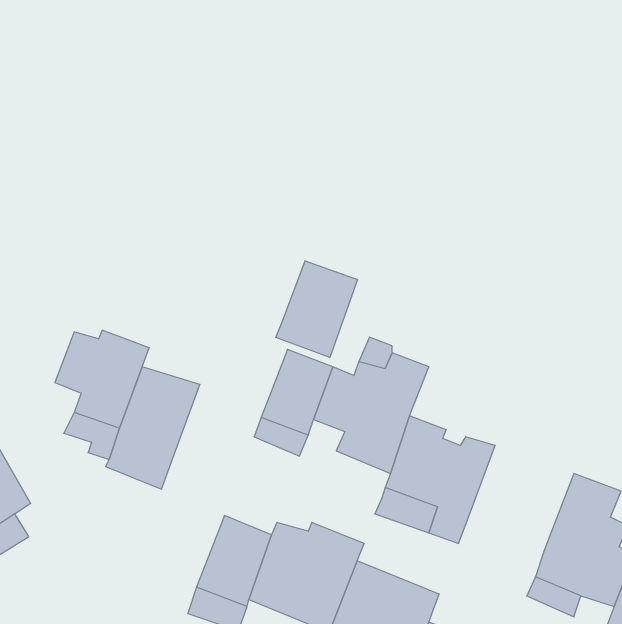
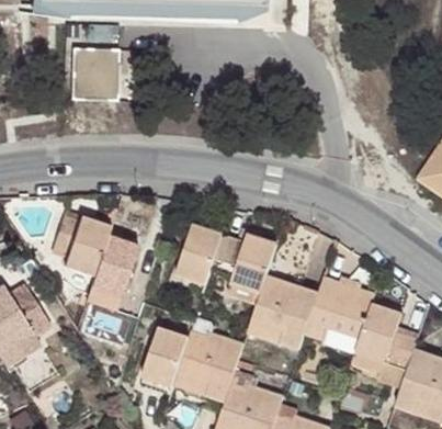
building: none -> [67,44,118,98]
building: [276,261,357,358] -> none
building: none -> [310,276,381,353]

